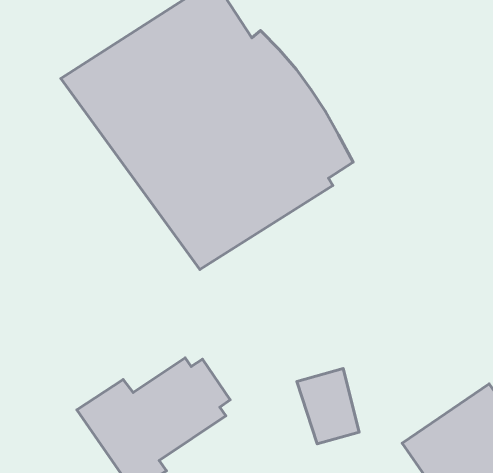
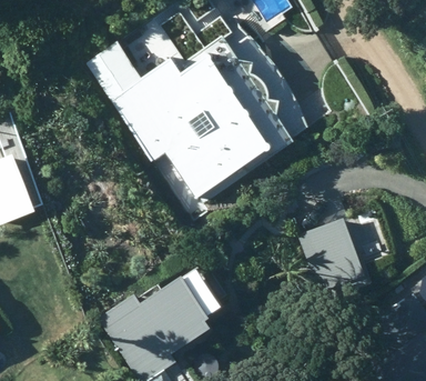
building: [297,369,359,444] -> [316,224,364,282]

